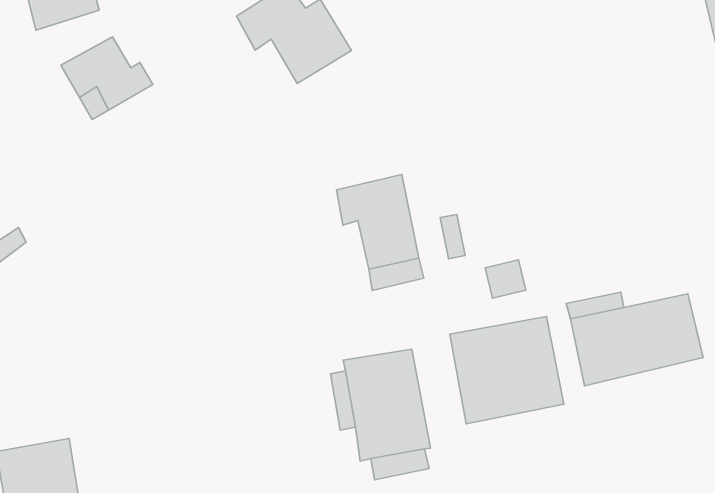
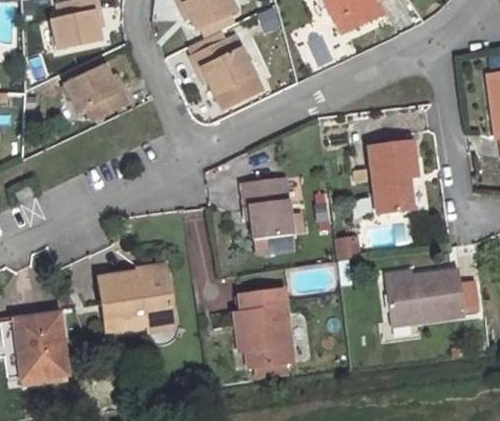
building: none -> [373,129,423,199]
building: [450,317,564,424] -> none
building: none -> [97,266,169,328]

